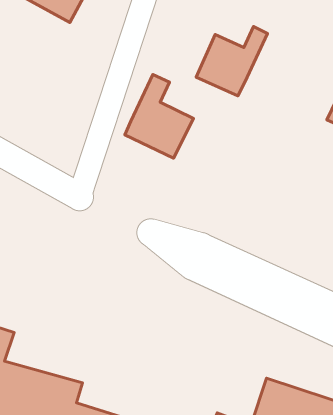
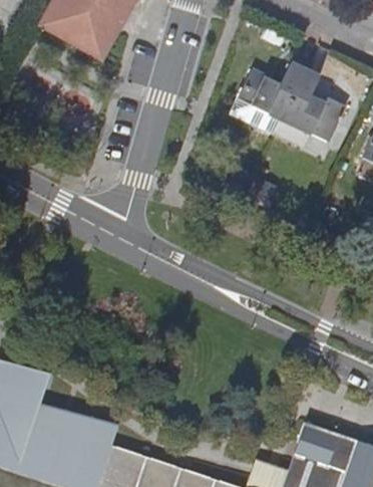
building: none -> [283,71,343,142]
building: [125,75,193,158] -> none

